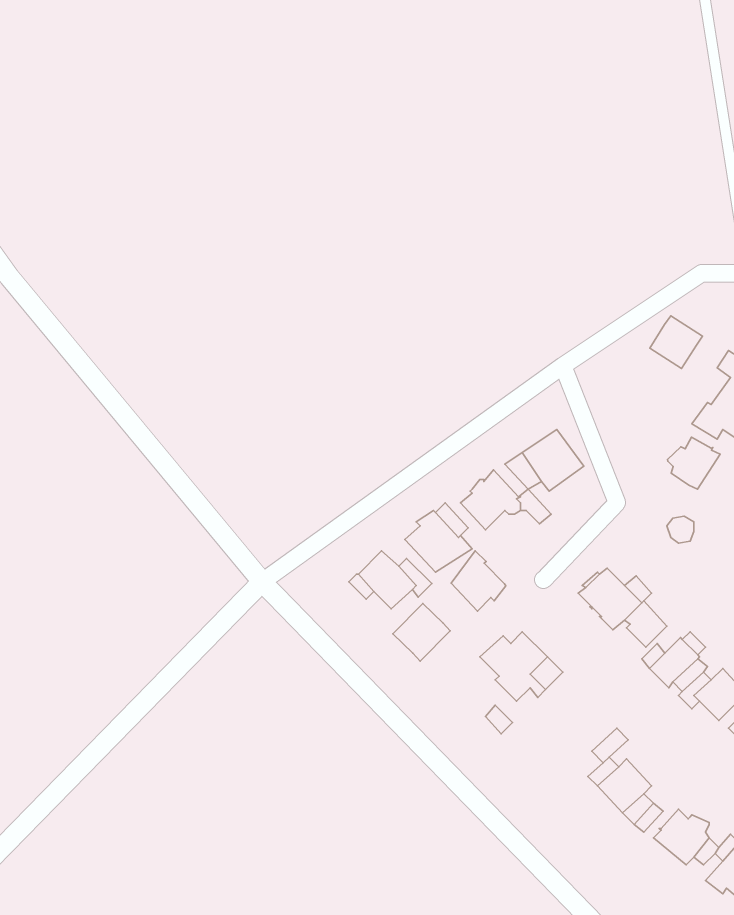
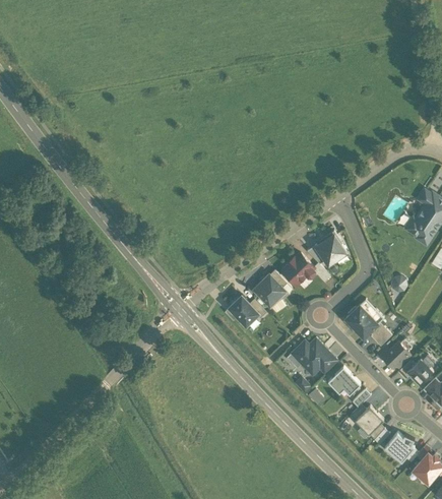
building: [650,316,702,369] -> none
building: [668,437,720,489] -> none
building: [451,551,506,611] -> none
building: [393,603,450,661] -> none
building: none -> [327,367,360,394]

